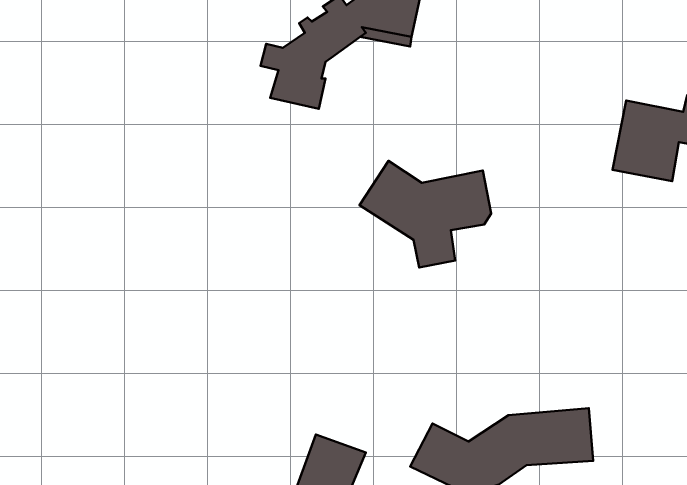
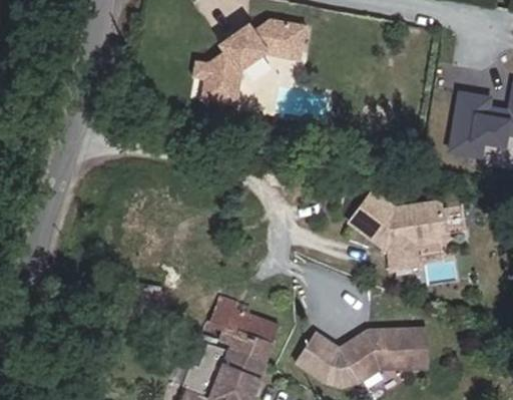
building: [360,161,491,267] -> [350,188,445,266]
building: none -> [212,293,281,358]

